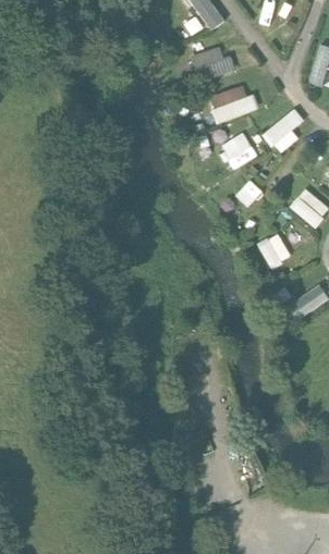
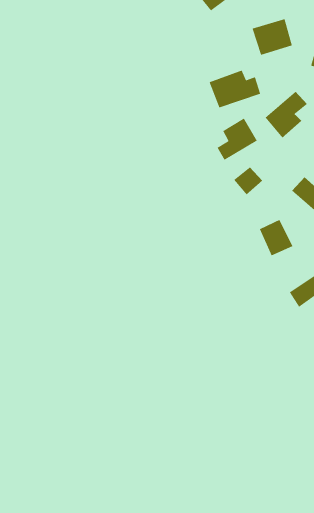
building: [191,45,231,82] -> [252,18,293,56]

